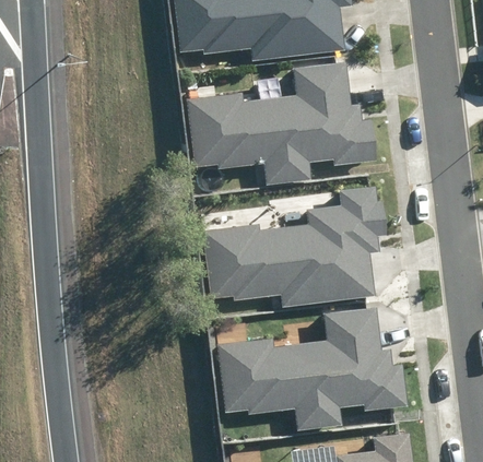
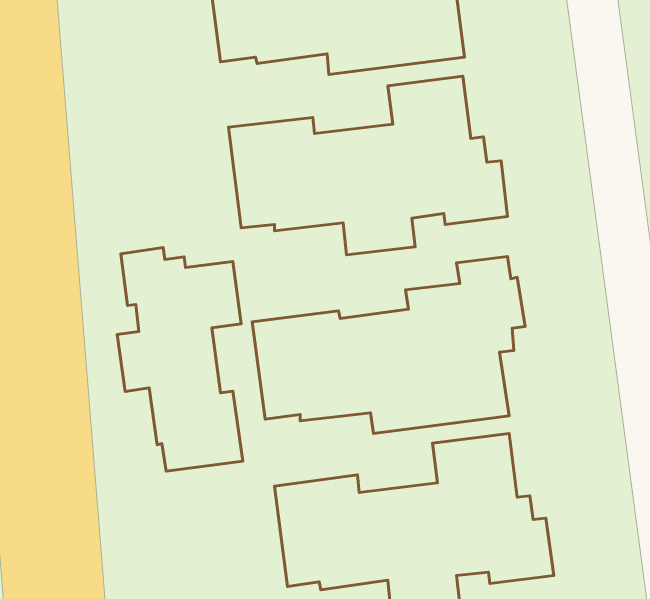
building: none -> [117,248,243,471]

